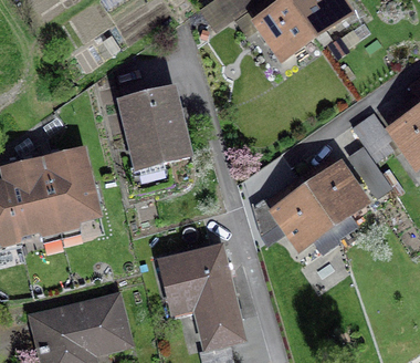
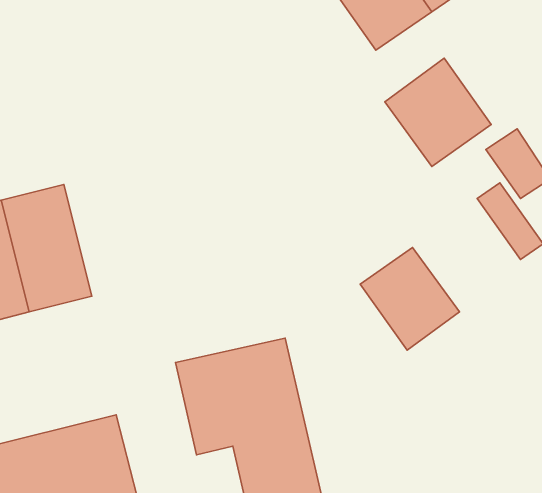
building: [119,86,192,167] -> none
building: [303,159,370,228] -> [385,58,491,167]

